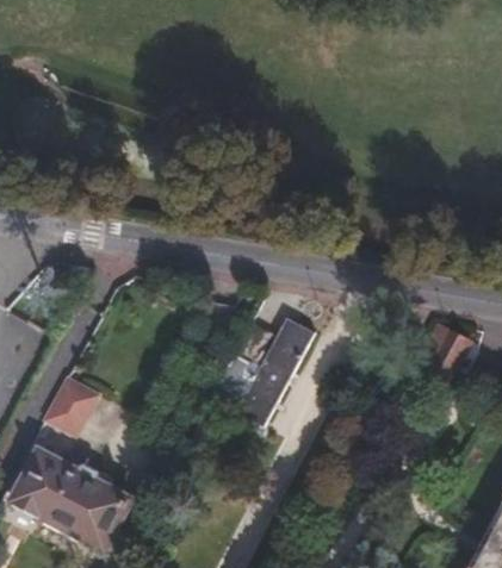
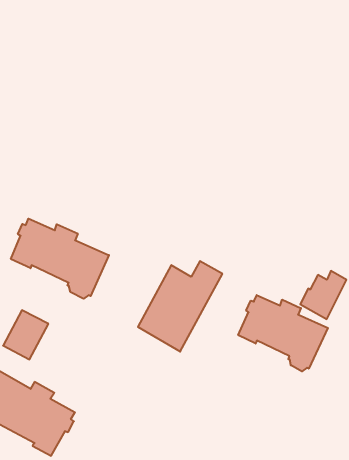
building: none -> [11,219,109,299]
building: none -> [238,295,328,371]

